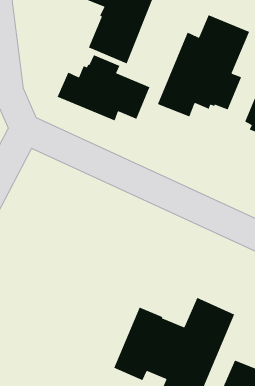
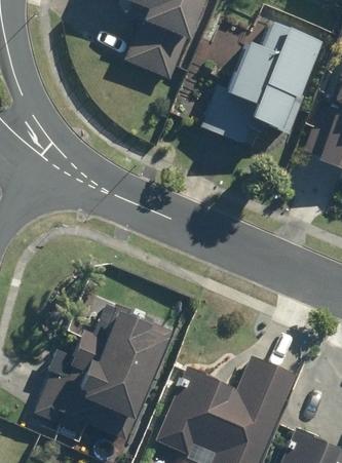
building: [56,54,151,122] -> none
building: none -> [35,303,173,439]

